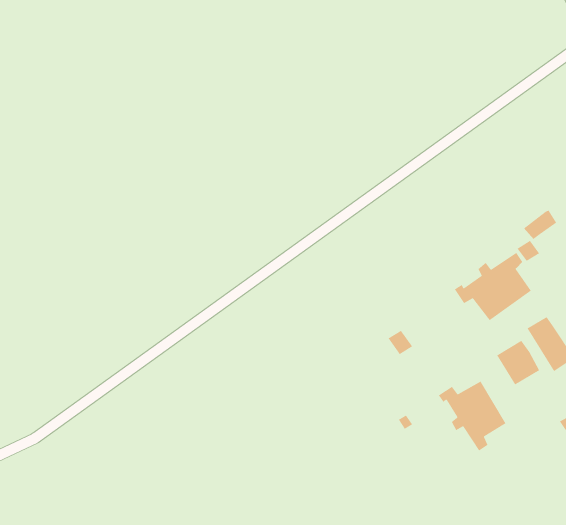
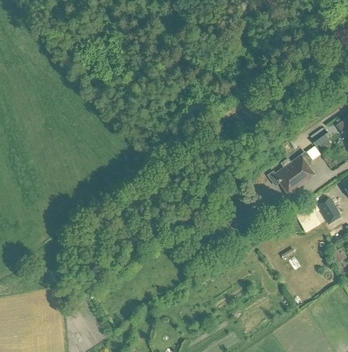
building: [438,381,506,452] -> none

